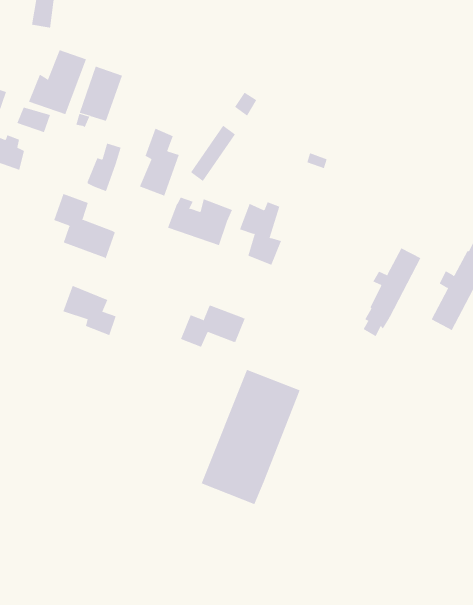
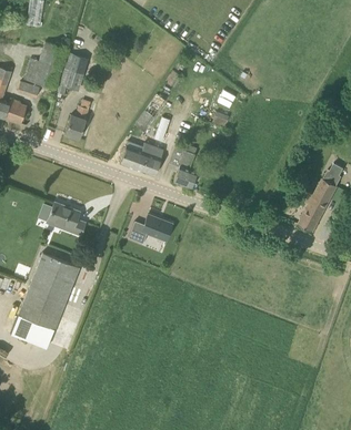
building: [139,128,179,197] -> none
building: [54,193,115,259] -> none
building: [363,247,421,337] -> none
building: [201,369,301,505] -> [11,253,79,345]

